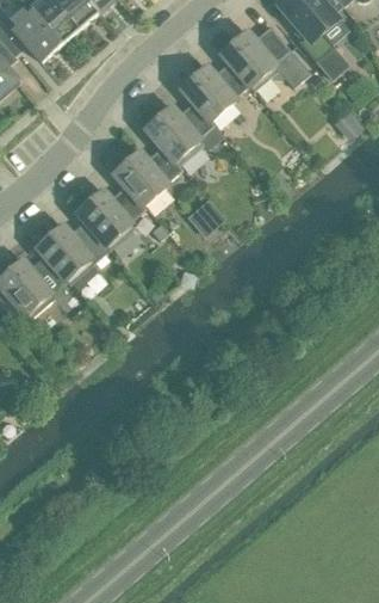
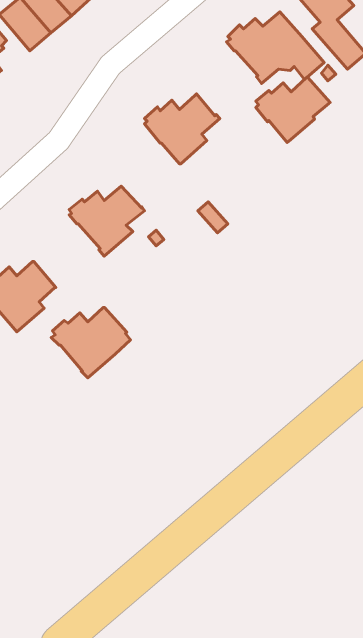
building: [180,61,248,121] -> [256,78,330,143]
building: [112,146,181,205] -> none
building: [35,220,107,284] -> [51,307,131,378]

